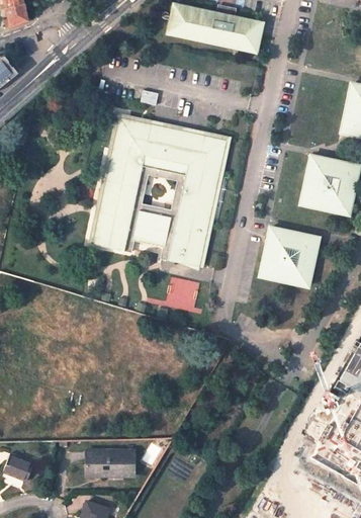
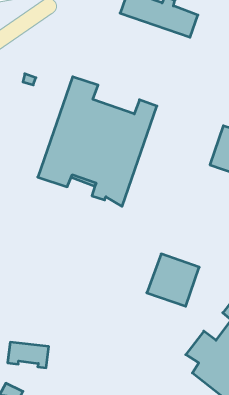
building: [148,124,204,154] -> none
building: [260,226,320,285] -> [147,254,199,306]
building: [165,276,199,312] -> none

